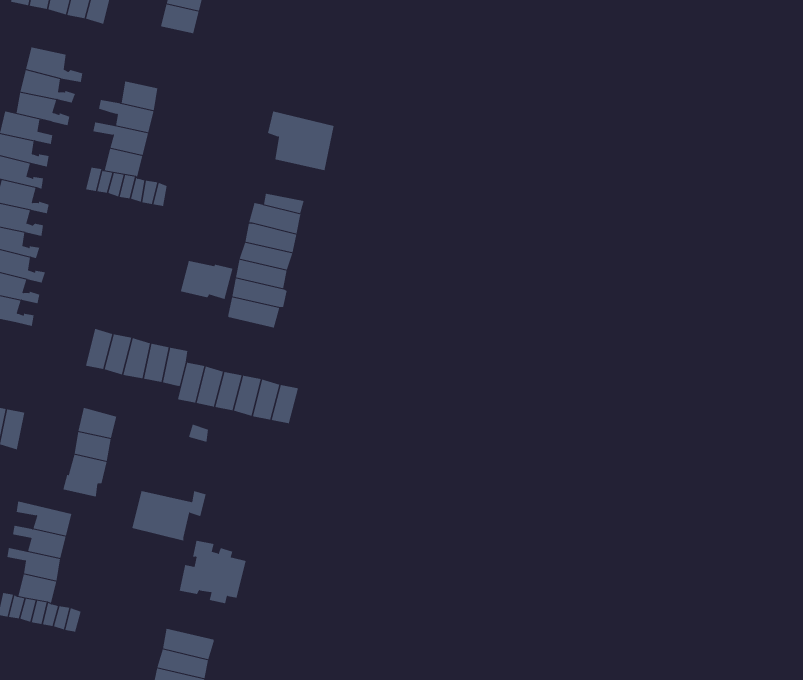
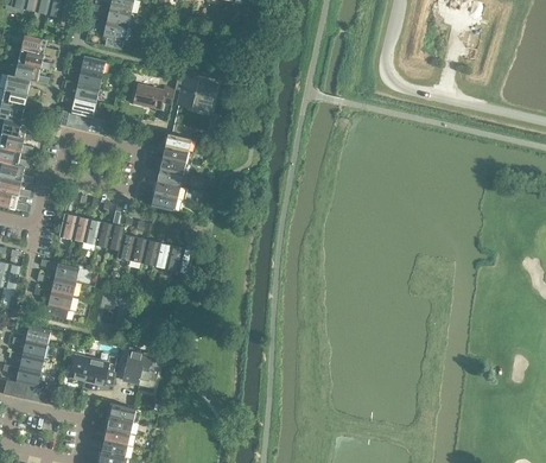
building: none -> [95,20,126,50]
building: none -> [132,84,172,109]
building: [180,260,233,300] -> none
building: [132,491,207,541] -> [68,355,115,387]

